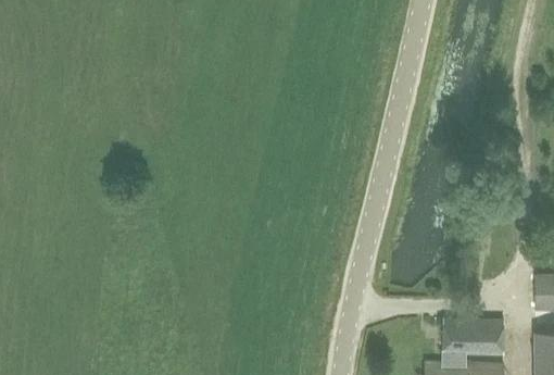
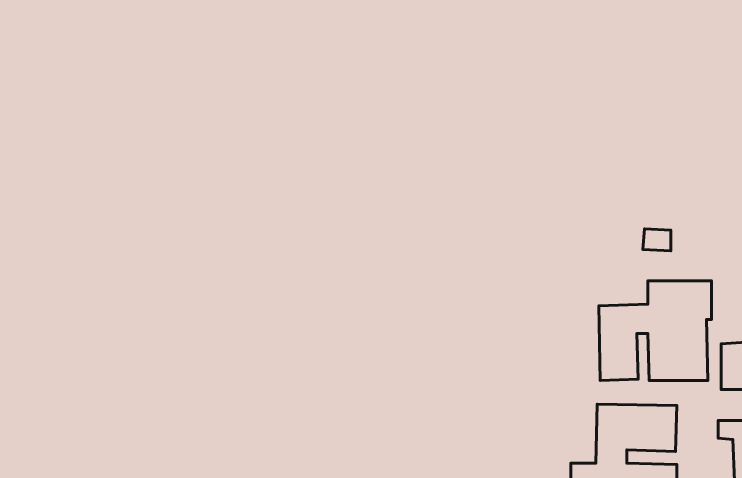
building: none -> [599,281,711,380]

